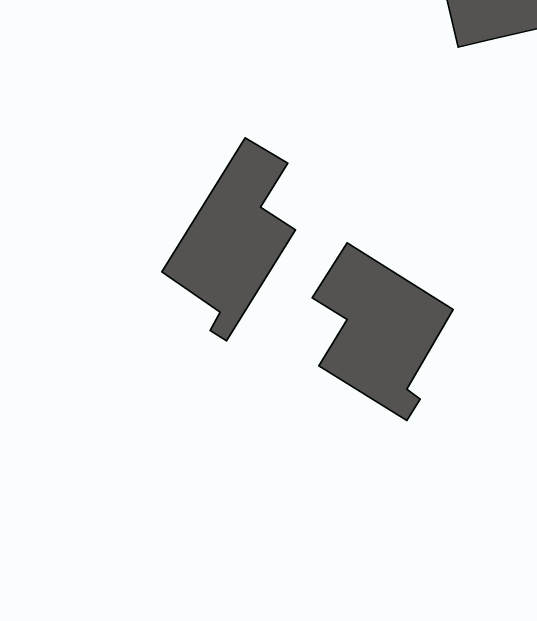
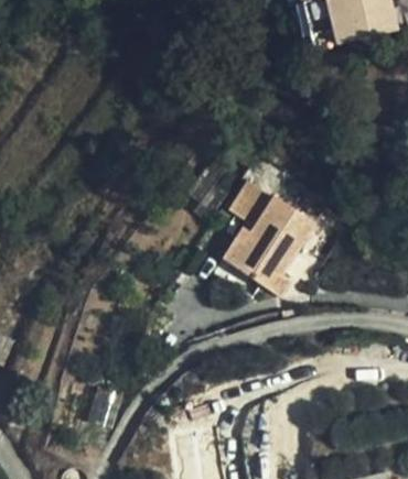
building: [162,138,296,341] -> none

